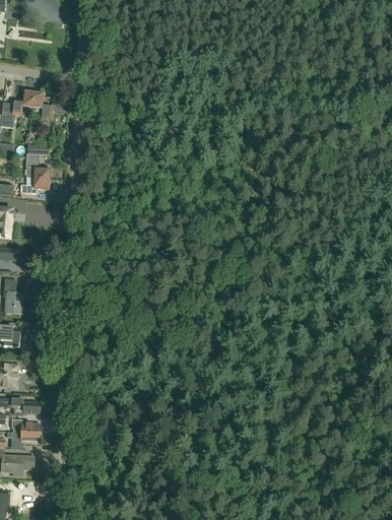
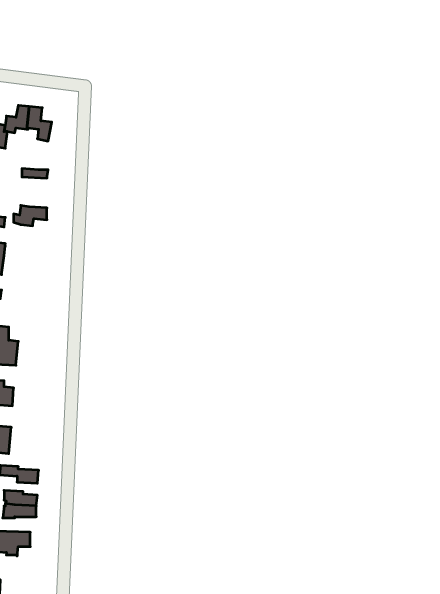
building: [25,154,50,179] -> none

